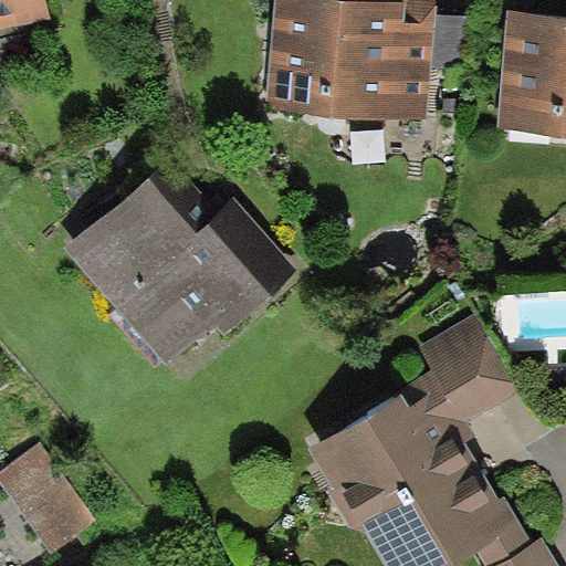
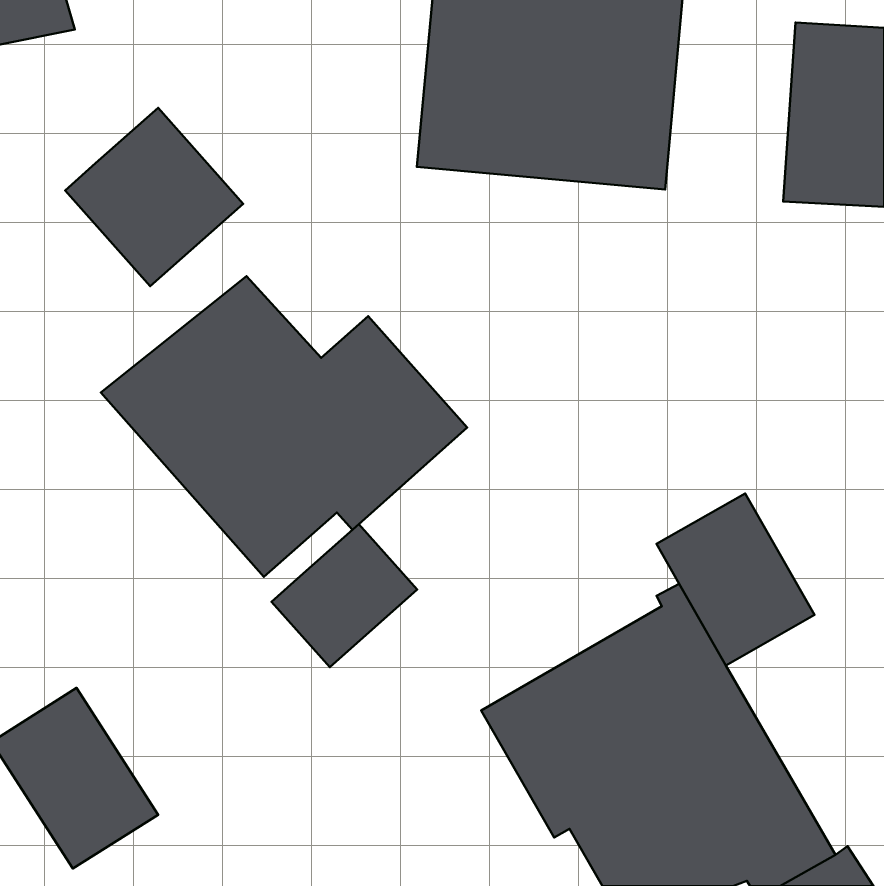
building: none -> [65,108,243,286]
building: none -> [272,524,417,667]

